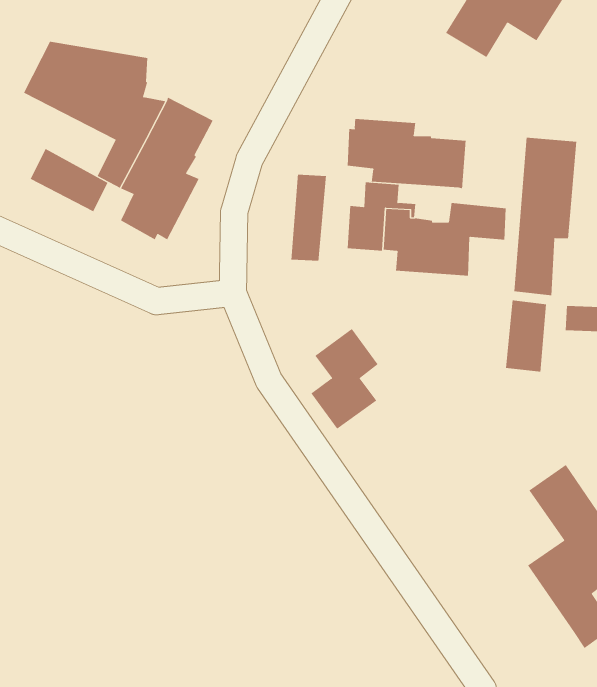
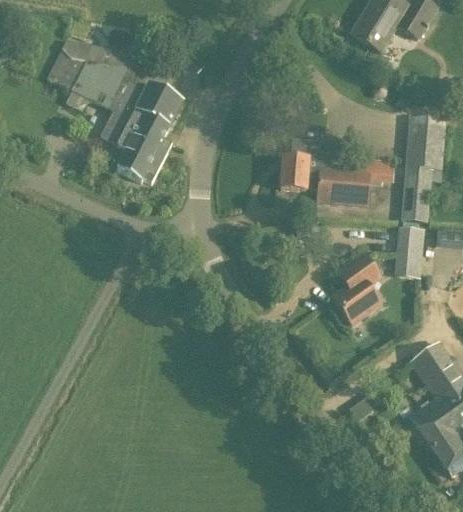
building: [347,118,466,189] -> none
building: [30,148,108,212] -> none
building: [291,174,327,262] -> none
building: [310,328,378,430] -> [332,252,381,325]

